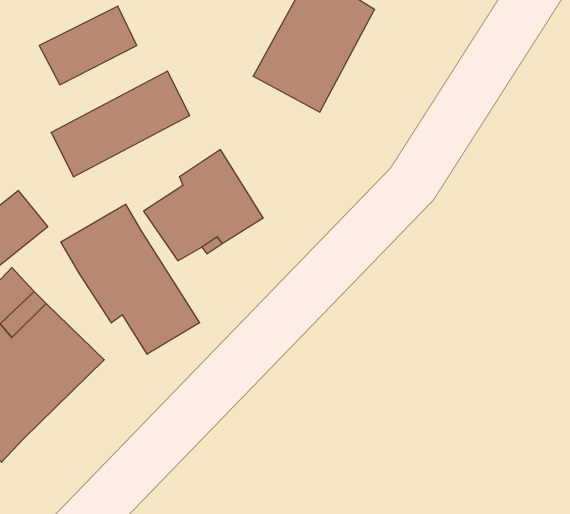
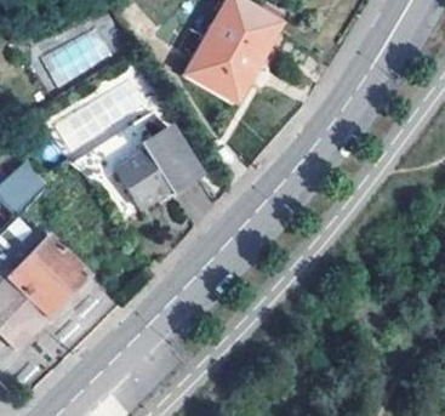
building: [61,204,200,354] -> none

